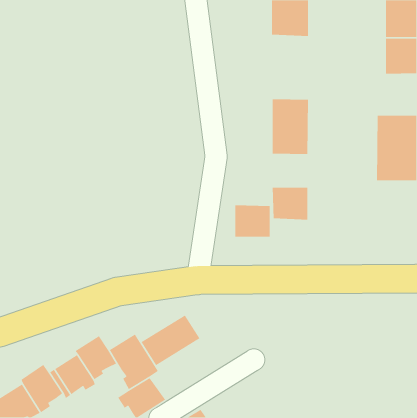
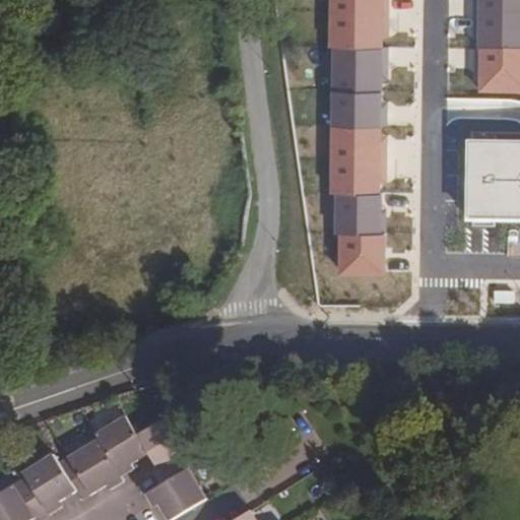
building: none -> [336,44,383,123]
building: [234,205,270,237] -> [337,191,382,232]
building: [140,315,200,366] -> none

